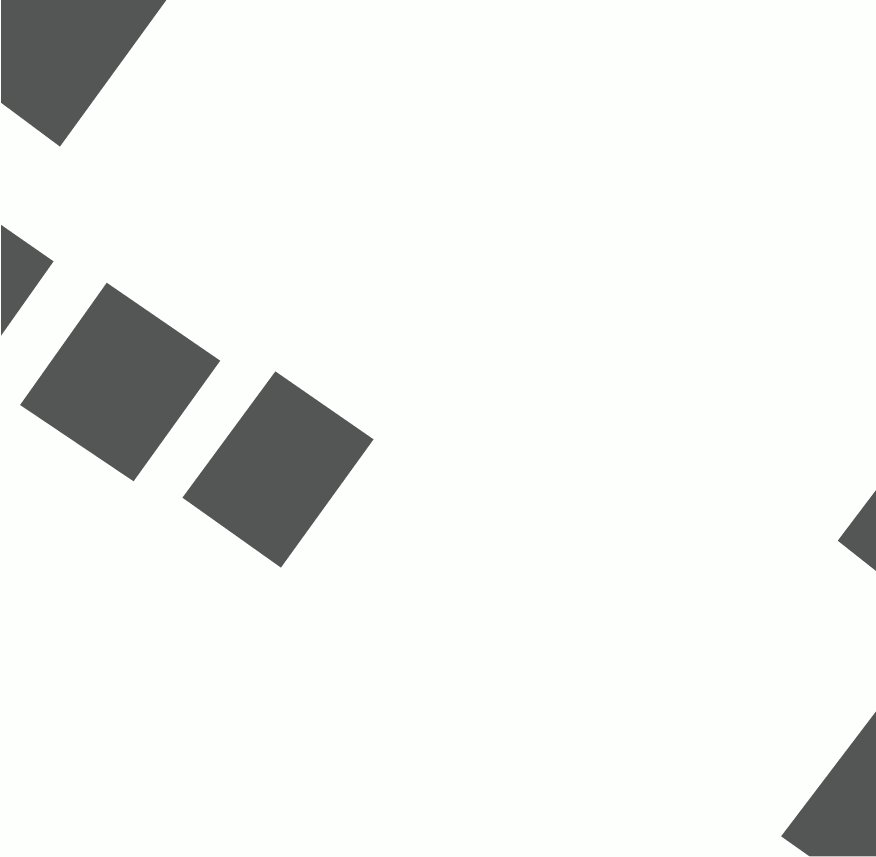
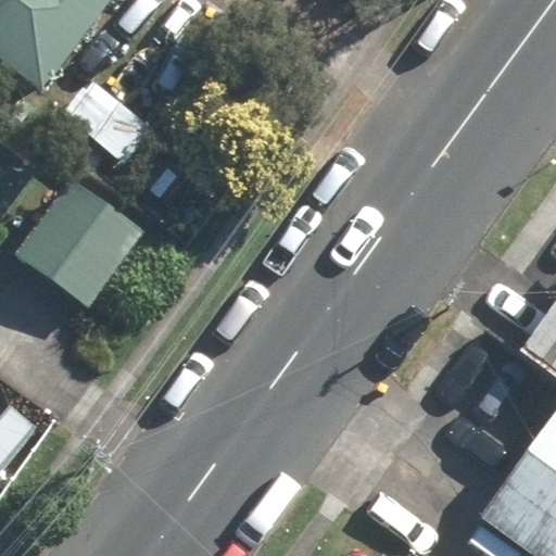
building: [181,370,375,569] -> none

